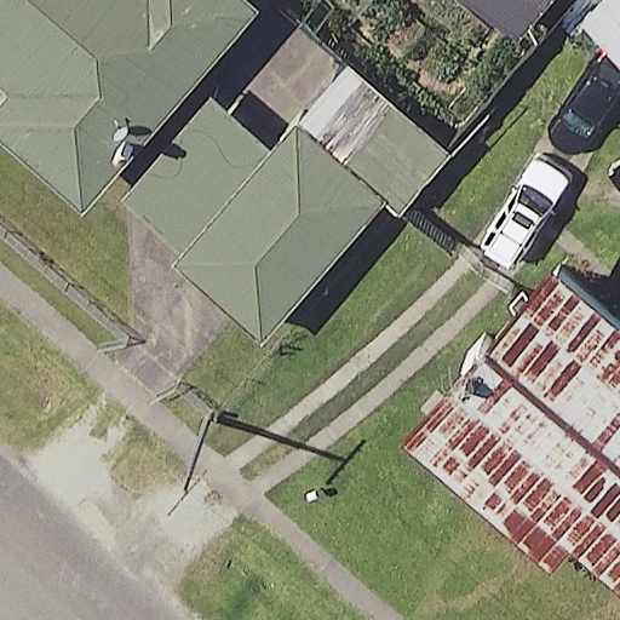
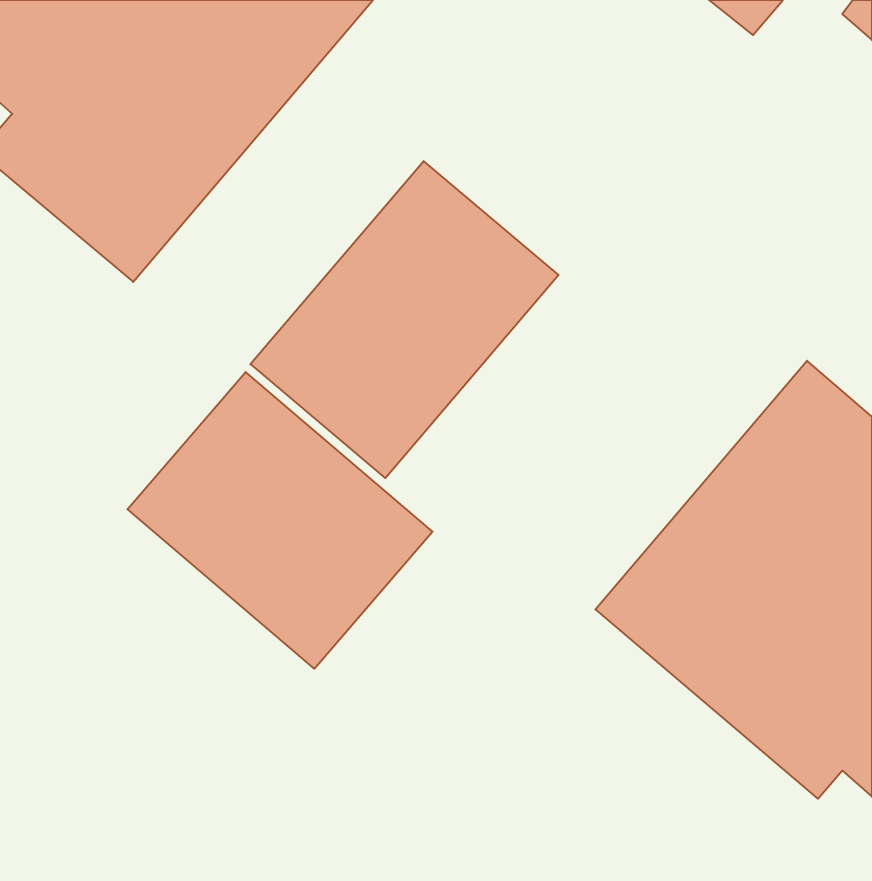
building: none -> [127,372,433,669]

